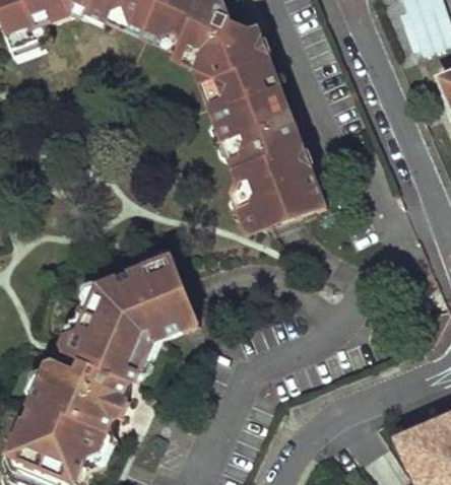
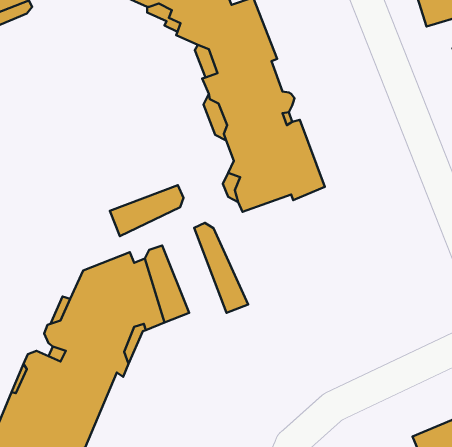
building: none -> [110,185,183,236]
building: none -> [194,223,248,313]

